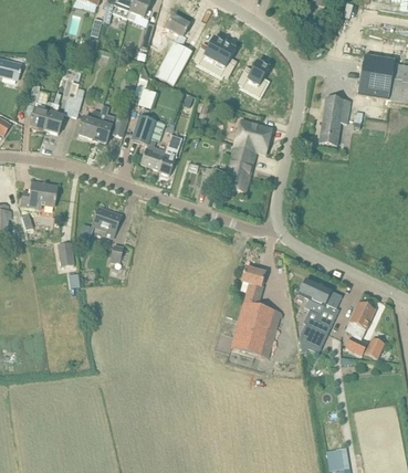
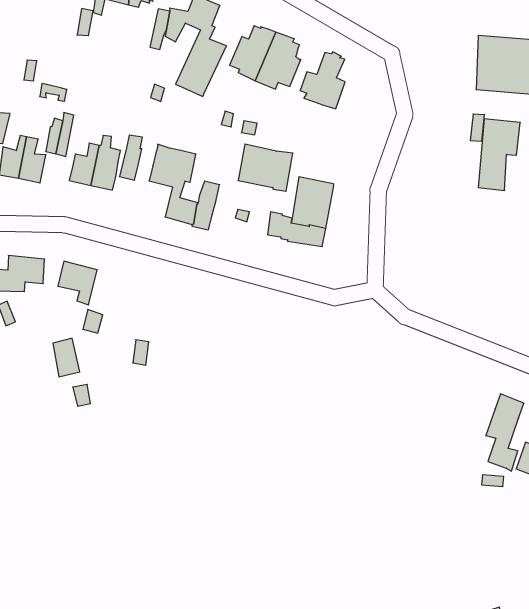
building: [318,95,351,145] -> [478,119,520,190]
building: [233,118,272,153] -> [238,144,293,191]
building: [93,206,121,236] -> [58,261,97,305]
building: [230,265,281,355] -> none
building: [299,276,341,353] -> none

